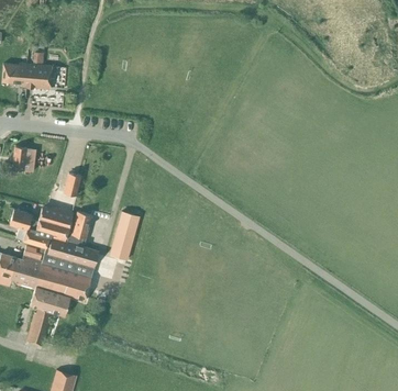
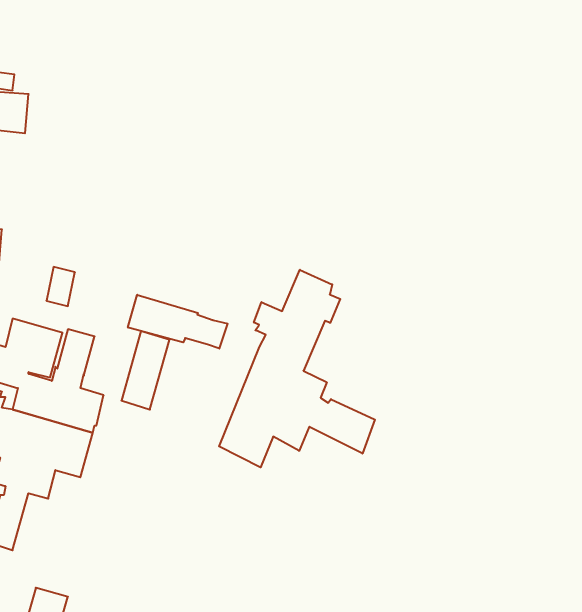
building: none -> [219,270,375,467]
building: none -> [128,295,228,349]

